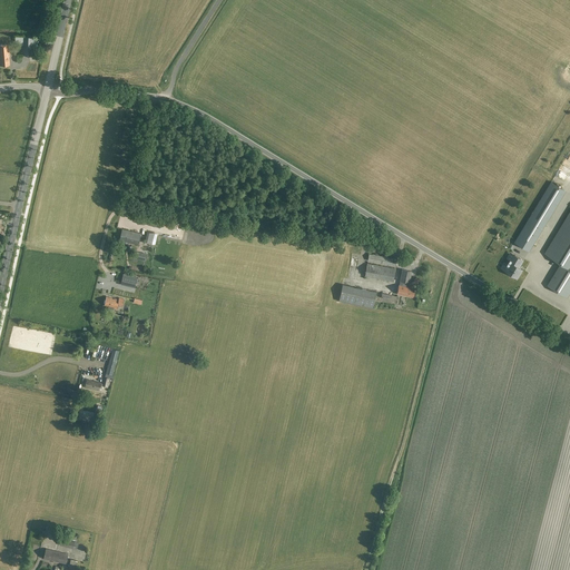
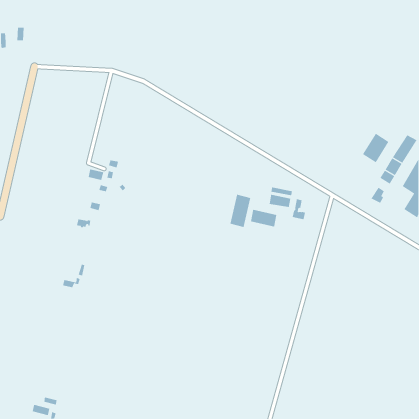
building: none -> [362,133,389,163]
building: none -> [230,194,251,228]

